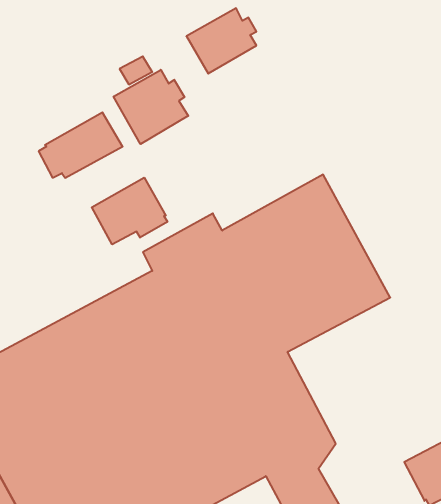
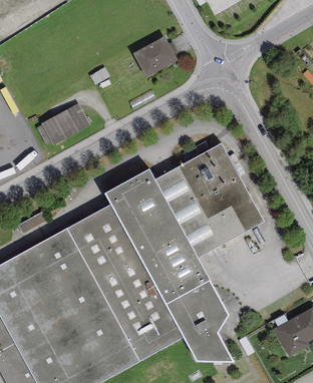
building: [114,70,188,144] -> none
building: [92,178,167,244] -> none

